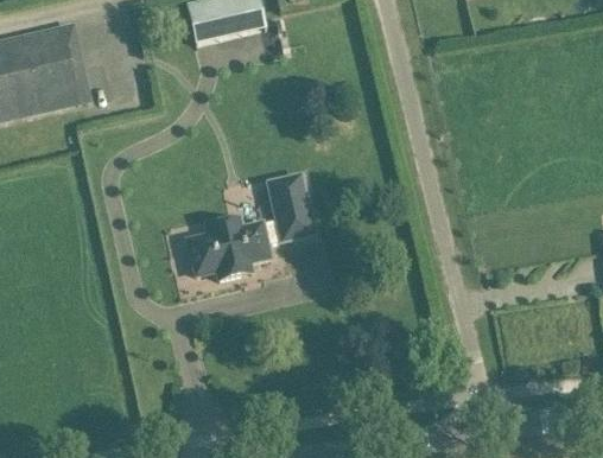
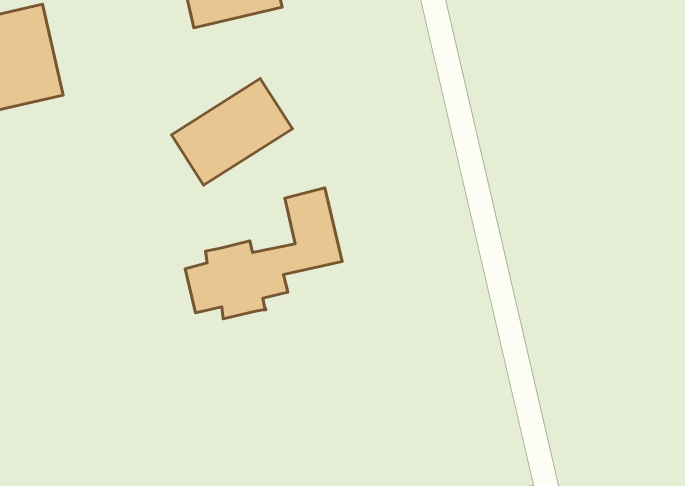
building: none -> [171,79,292,185]

